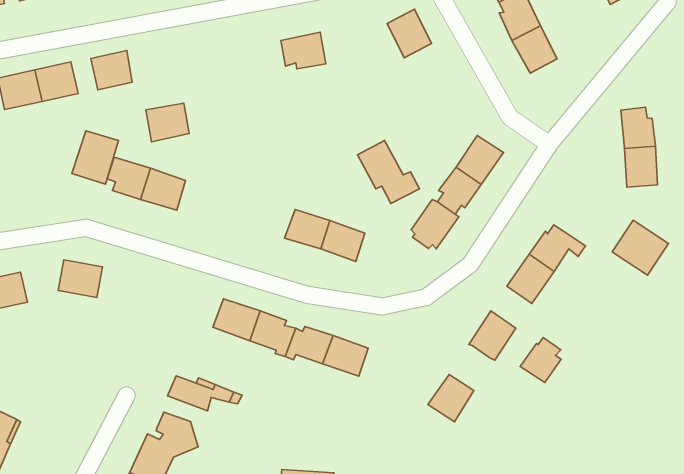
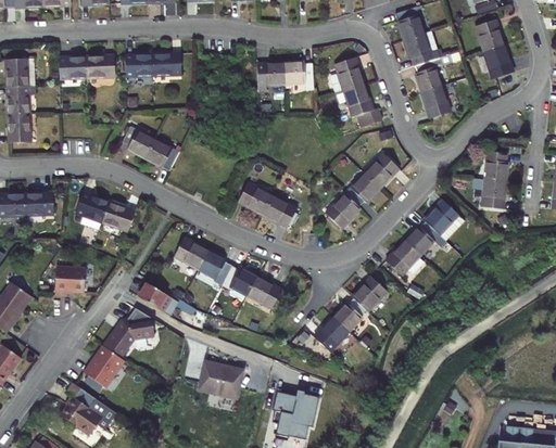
building: none -> [287,63,314,92]
building: [146,103,189,142] -> [150,52,177,75]
building: [72,131,118,184] -> none
building: [357,141,420,203] -> [342,85,381,129]
building: [612,220,668,275] -> [424,204,464,244]
building: none -> [99,200,130,229]
building: [520,337,561,382] -> [334,299,365,331]
building: none -> [53,266,84,295]

